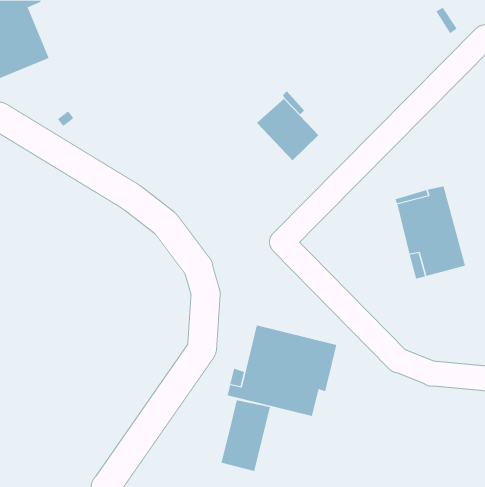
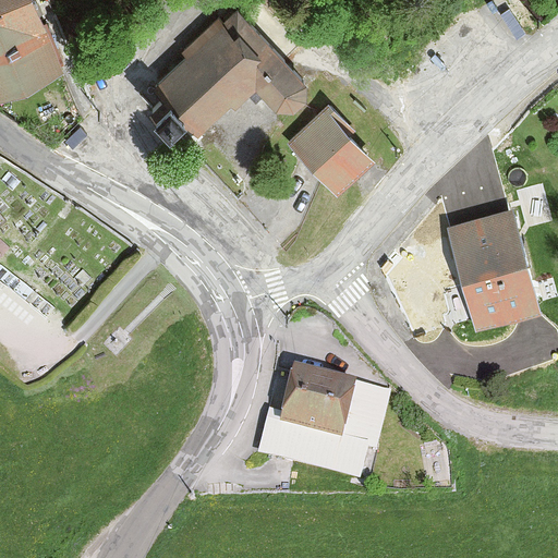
building: none -> [150,9,303,132]
building: [221,399,271,472] -> none

